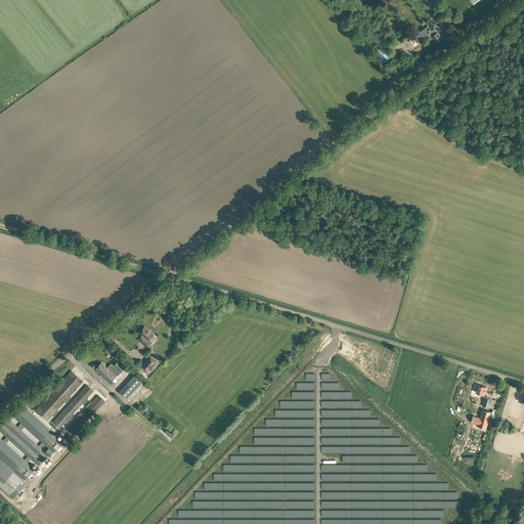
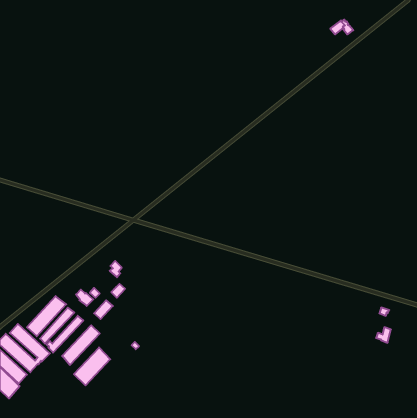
building: none -> [62,325,100,365]
building: none -> [74,347,110,385]

